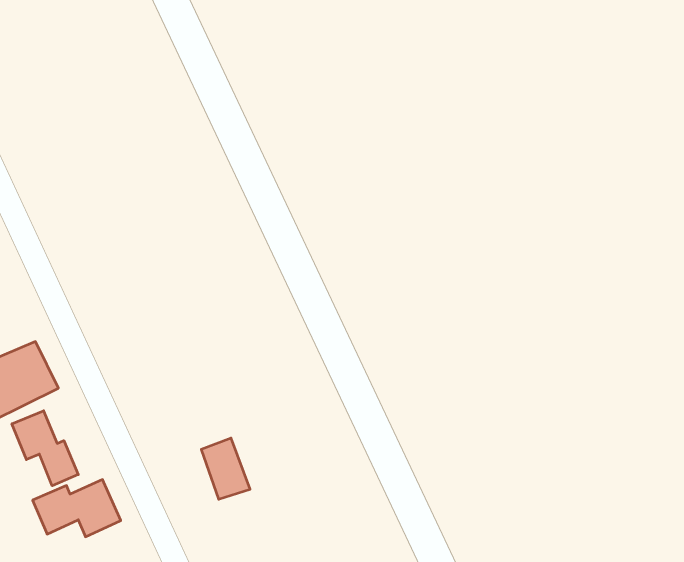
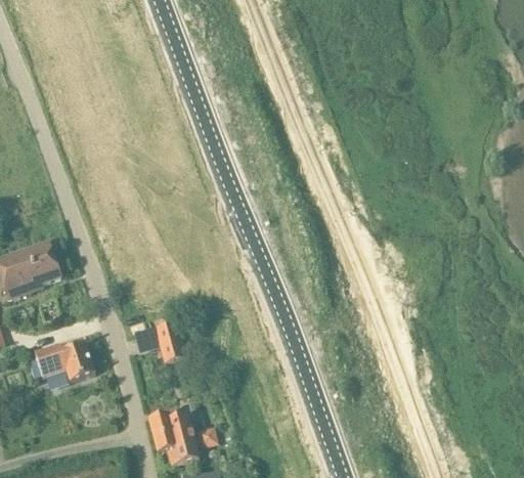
building: [12,411,78,486] -> none

